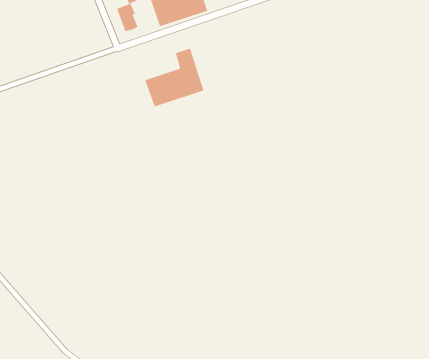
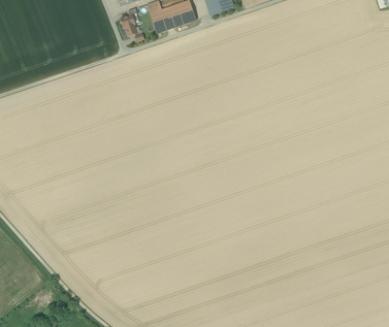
building: [144,48,204,108] -> none

